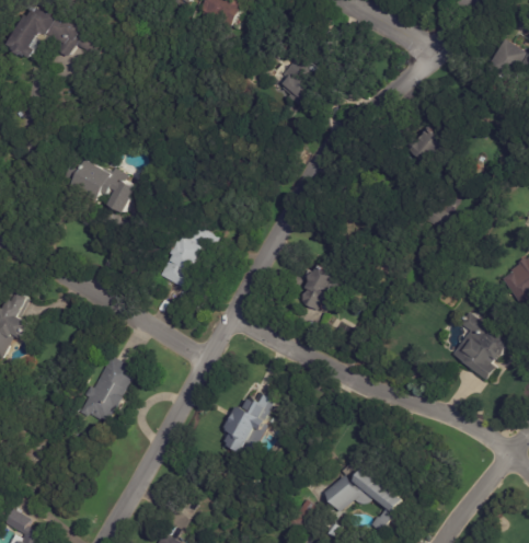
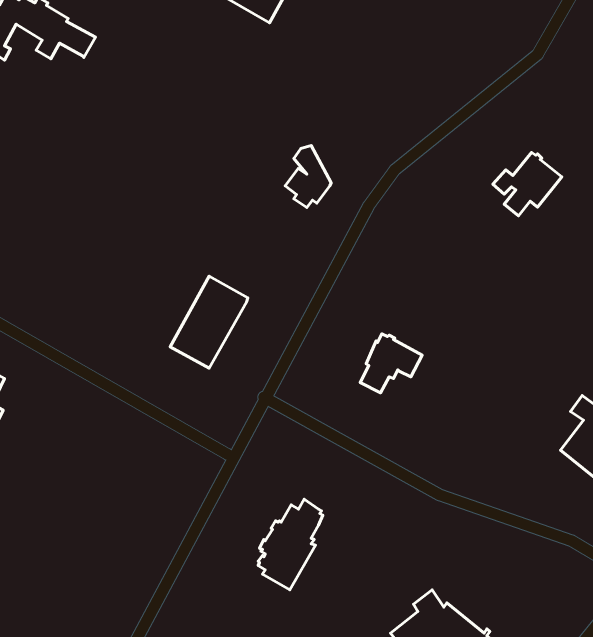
building: [279,56,314,103] -> [285,145,331,207]
building: [61,153,136,211] -> none
building: [76,355,134,423] -> none

